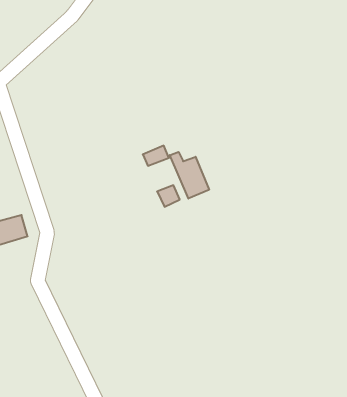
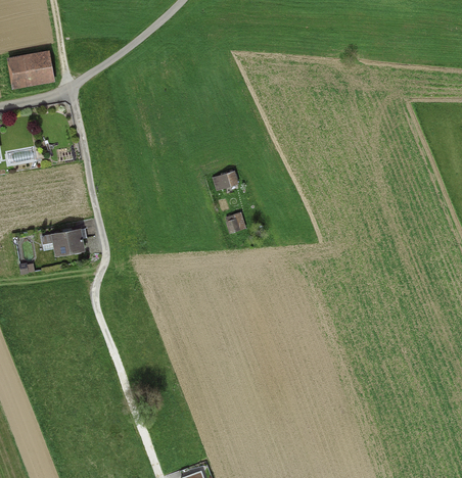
building: [170,152,209,199] -> none

